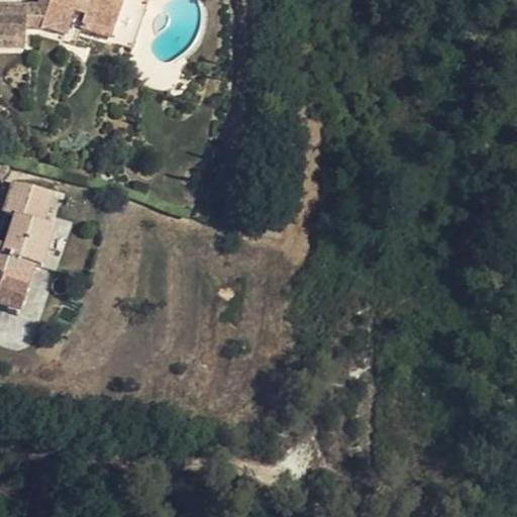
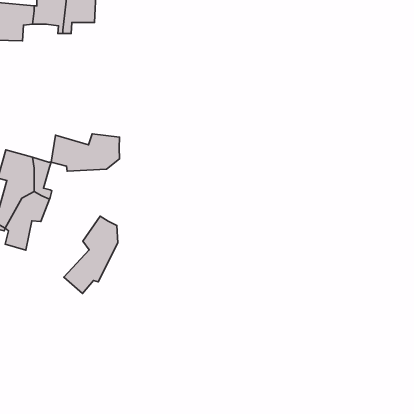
building: none -> [51,134,120,171]
building: none -> [64,216,118,294]

